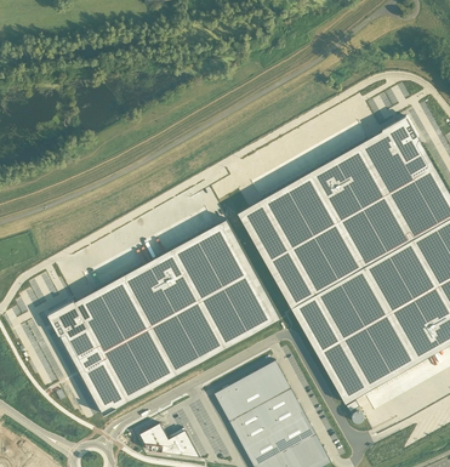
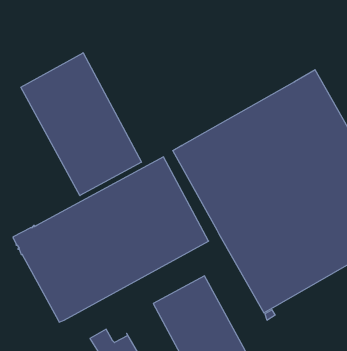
building: none -> [21,53,141,196]

